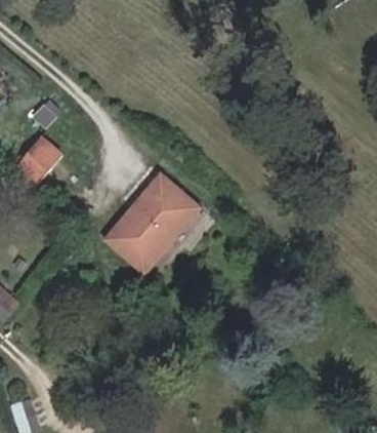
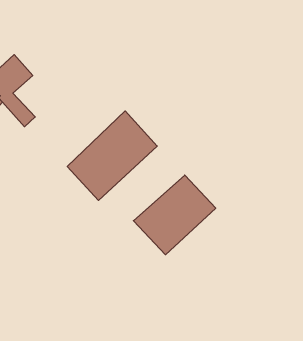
building: none -> [133,175,216,255]

